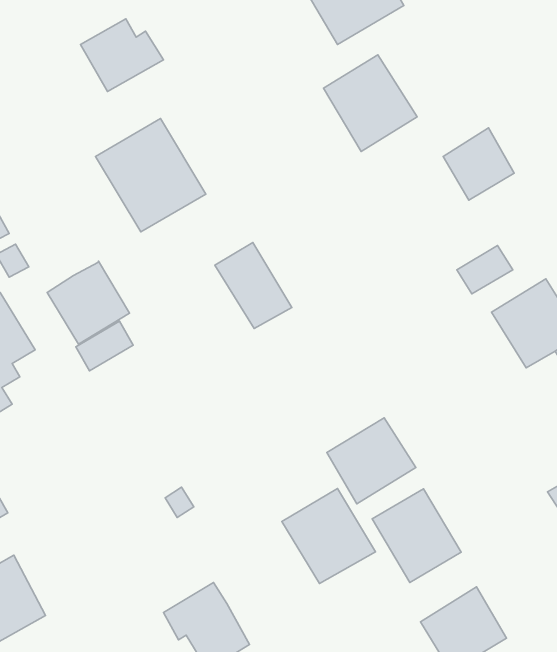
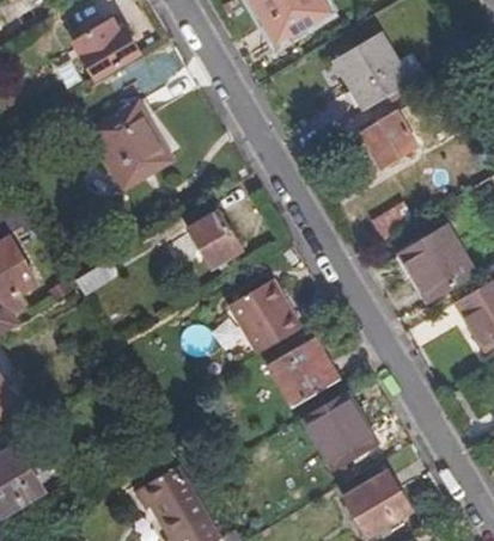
building: [323,55,417,152] -> [334,31,408,107]
building: [47,261,129,344] -> none
building: [282,488,375,584] -> [227,277,301,352]

